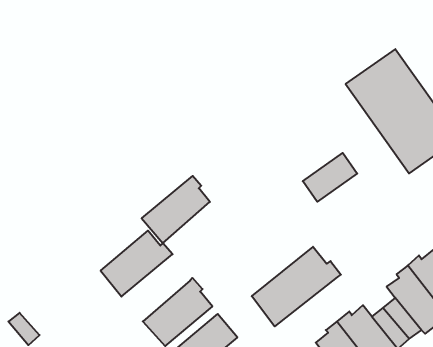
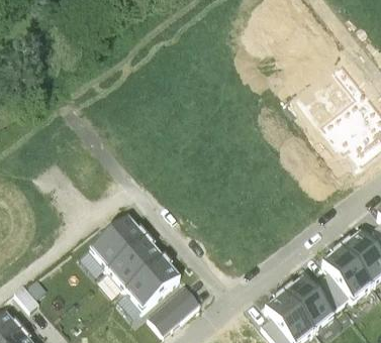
building: [303,153,357,202] -> none
building: [142,176,210,243] -> [107,234,163,289]
building: [252,247,341,326] -> none

